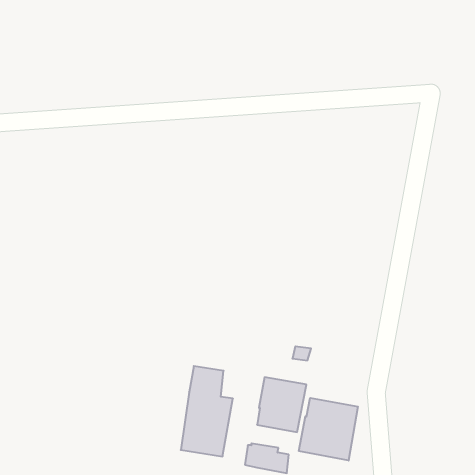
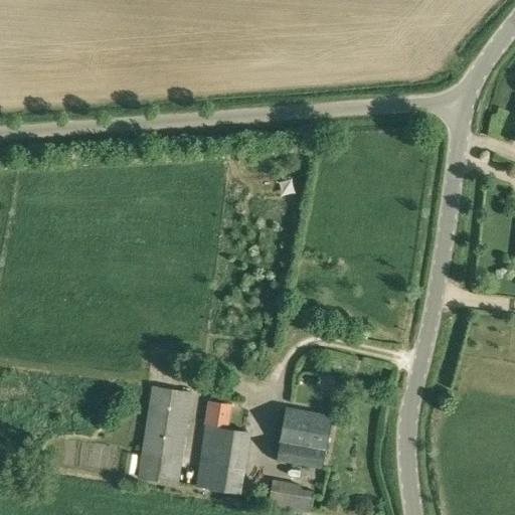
building: none -> [137,386,192,485]
building: [299,398,358,461] -> none

